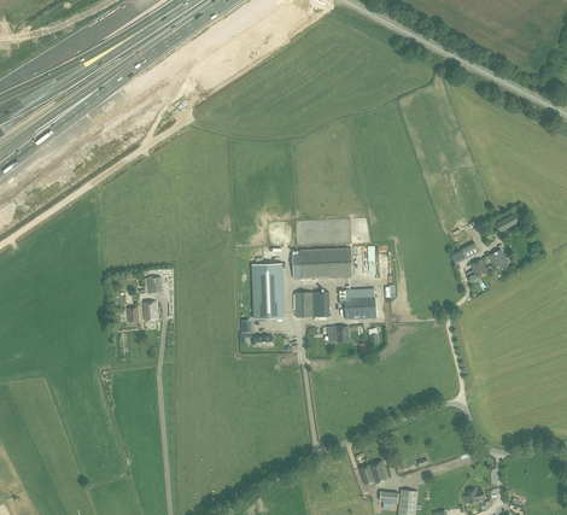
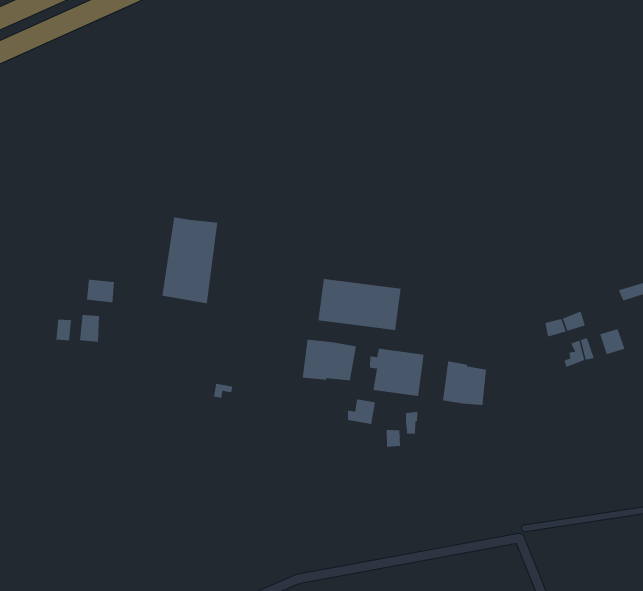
building: [251,262,284,317] -> [161,216,218,304]
building: none -> [442,361,487,406]

